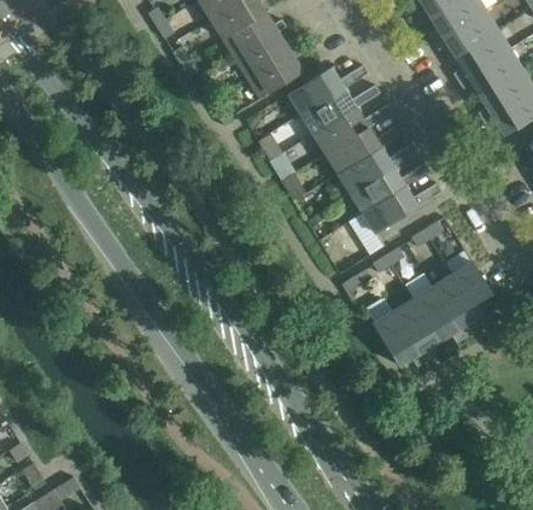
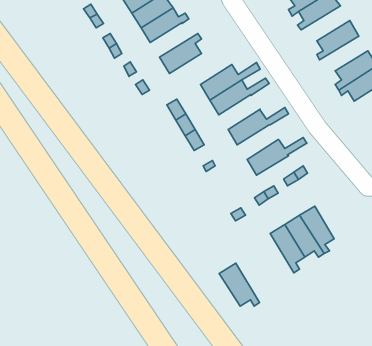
building: [433,10,497,55] -> none
building: [234,31,297,77] -> none
building: [457,49,521,95] -> none
building: [287,65,367,113] -> none
building: [324,124,403,172] -> none
building: [348,164,428,212] -> none
building: [451,260,498,326] -> none
building: [370,310,423,367] -> [219,263,260,306]

